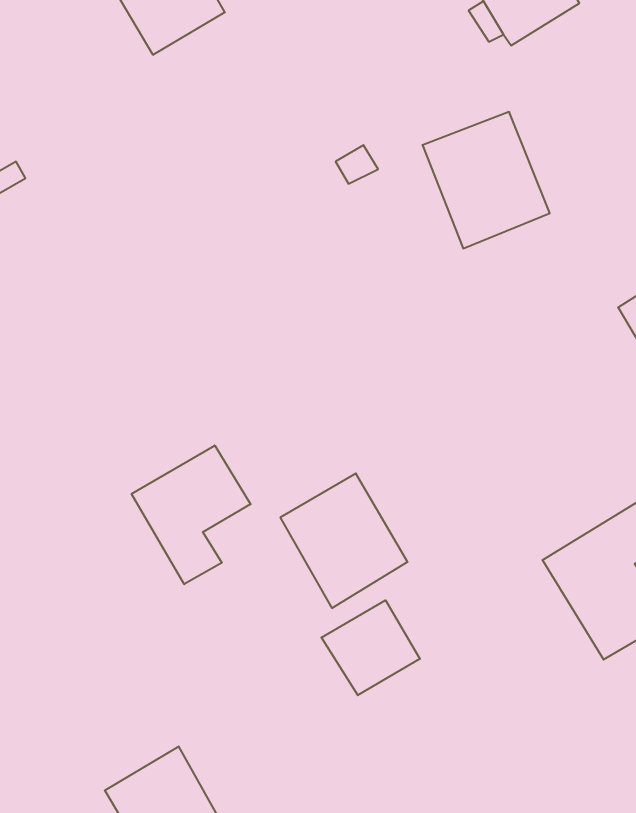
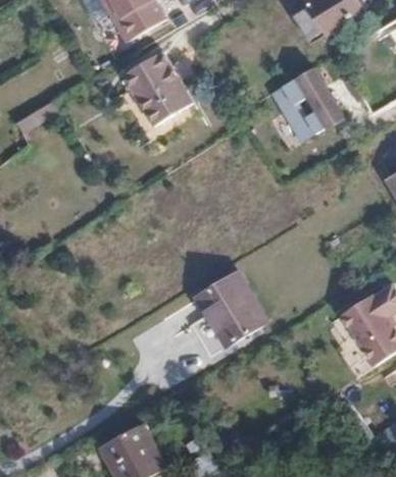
building: none -> [119,50,190,124]
building: [132,445,251,584] -> none
building: [321,600,420,695] -> none

